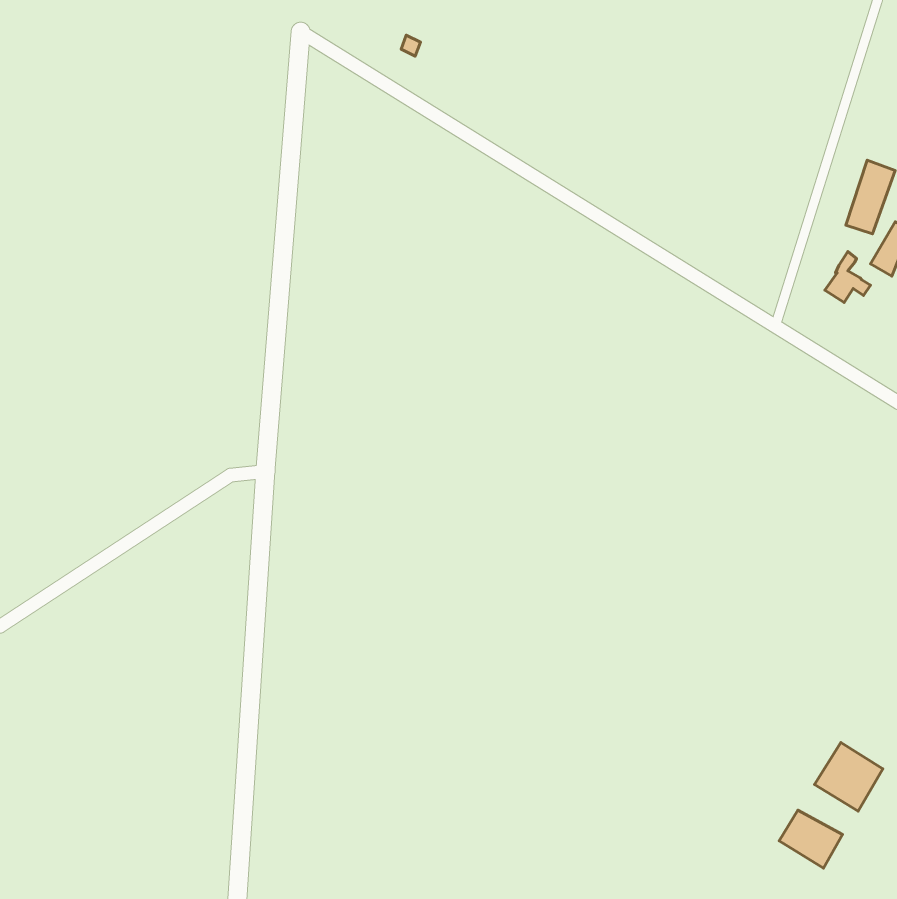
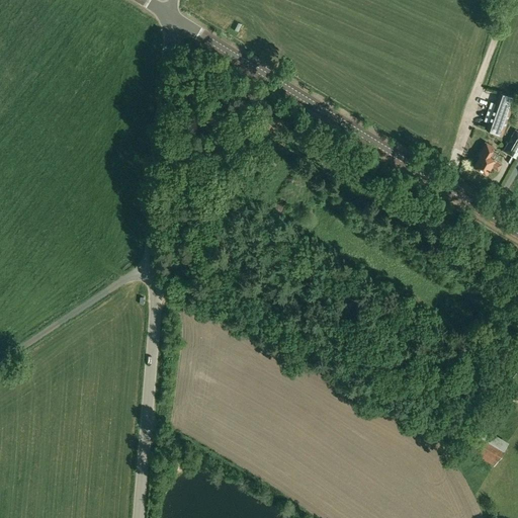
building: [779,810,843,868] -> none

